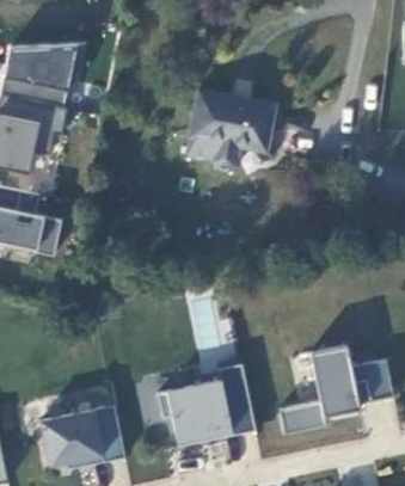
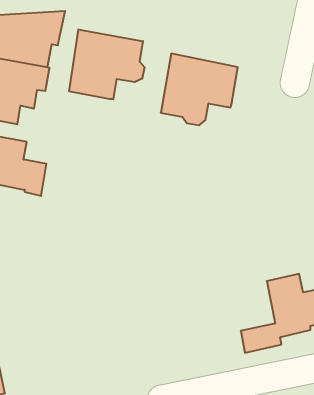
building: none -> [69,29,144,99]
building: [159,362,257,445] -> none
building: [42,404,127,468] -> none

